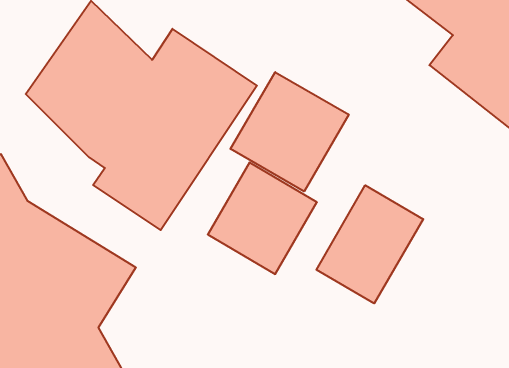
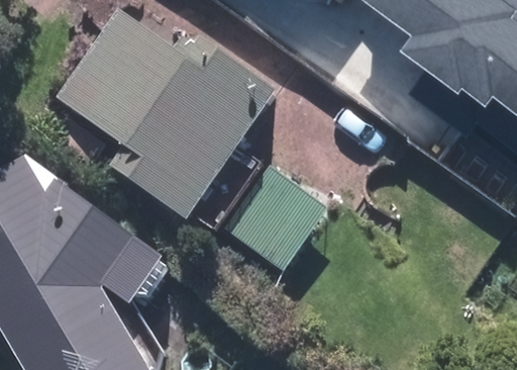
building: [230,72,349,191] -> none
building: [316,185,423,303] -> none

